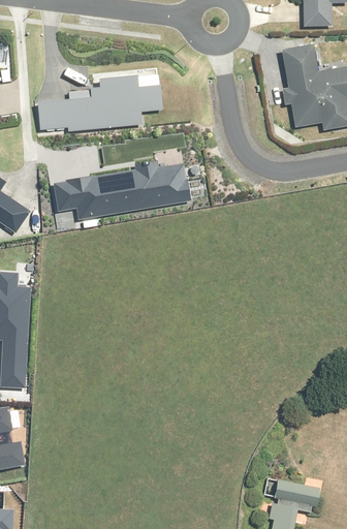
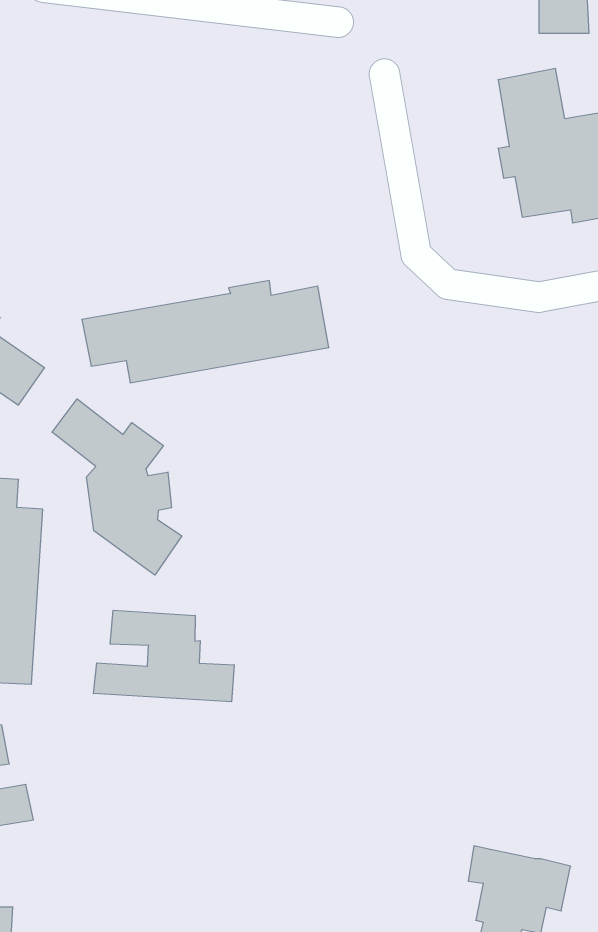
building: [38,76,161,131] -> none
building: none -> [52,399,182,575]
building: none -> [94,610,234,702]

